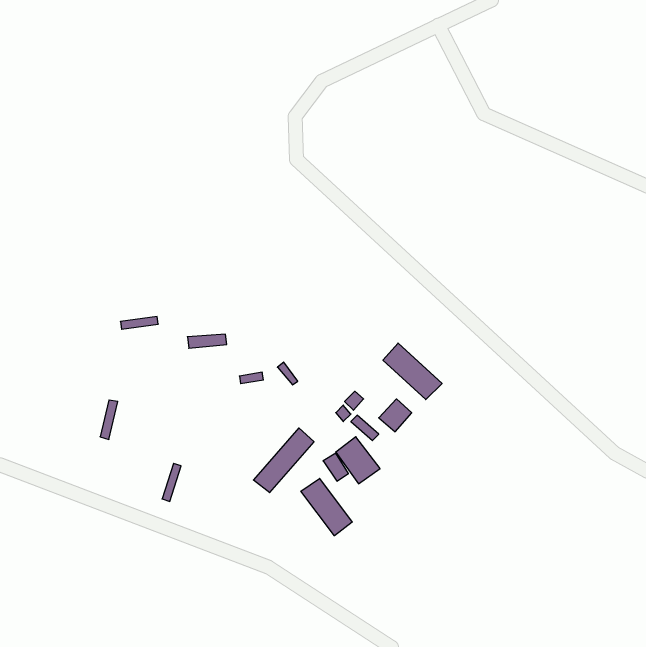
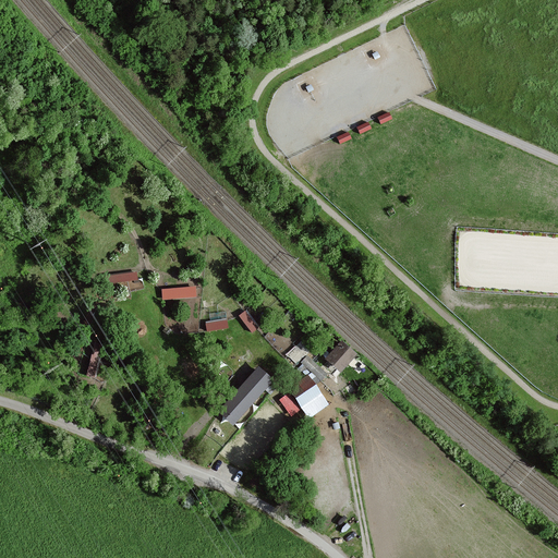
building: [383,343,442,400] -> none
building: [301,478,352,536] -> none

